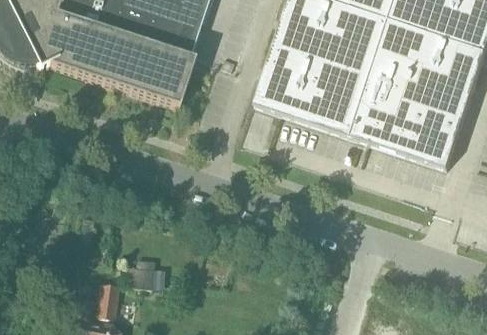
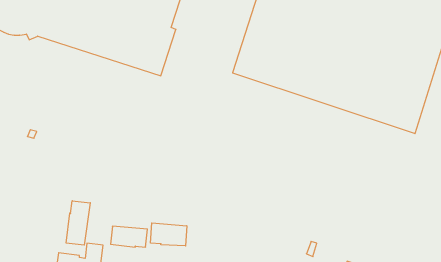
building: none -> [66,201,90,245]
building: none -> [151,223,187,246]

